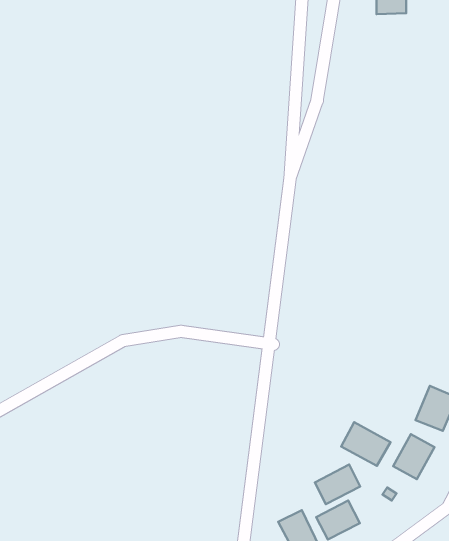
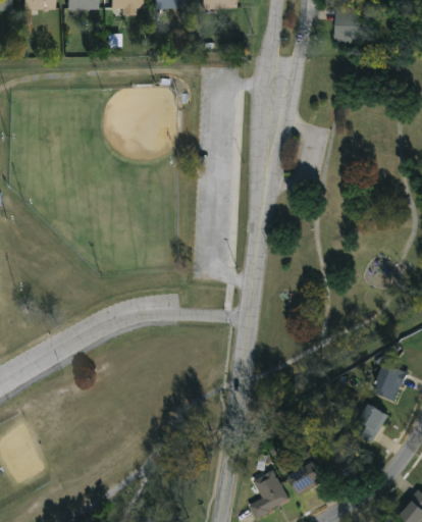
building: [341,422,390,466] -> none
building: [315,465,360,504] -> none

